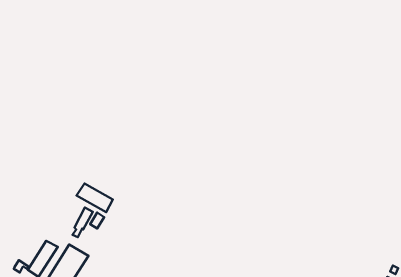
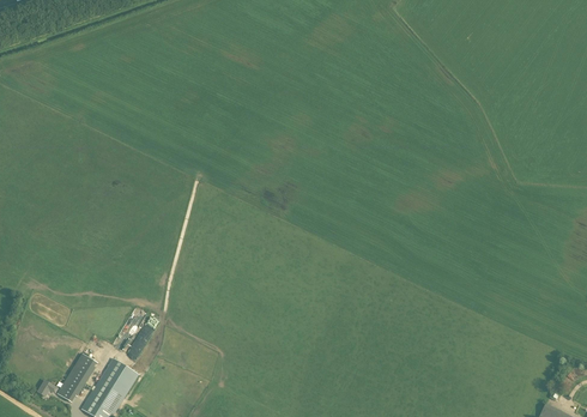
building: [76,183,113,212] -> none

